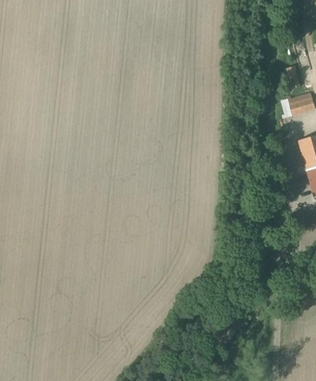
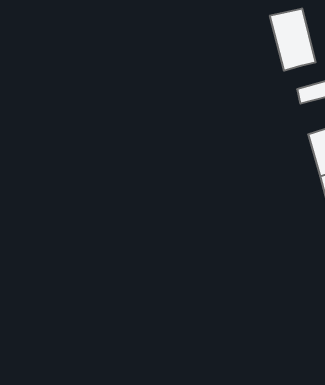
building: none -> [270,8,316,71]

